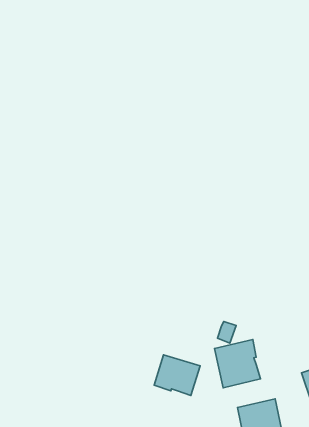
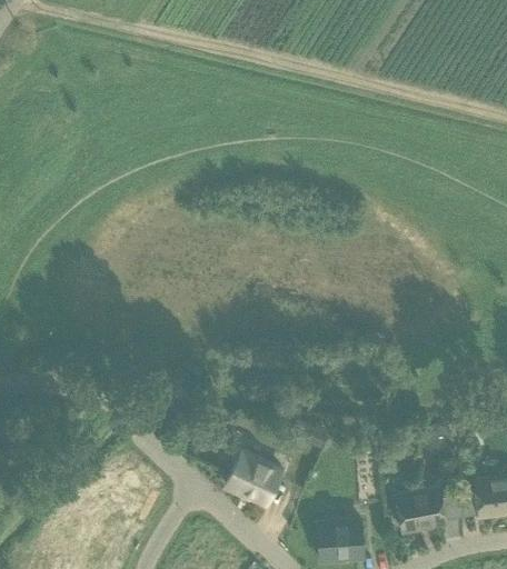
building: [215,339,261,388] -> none

